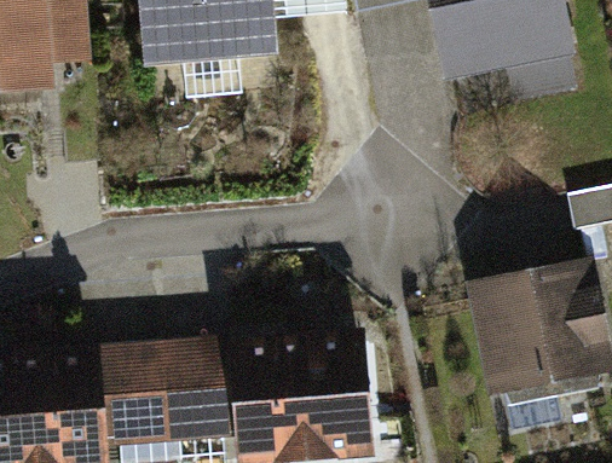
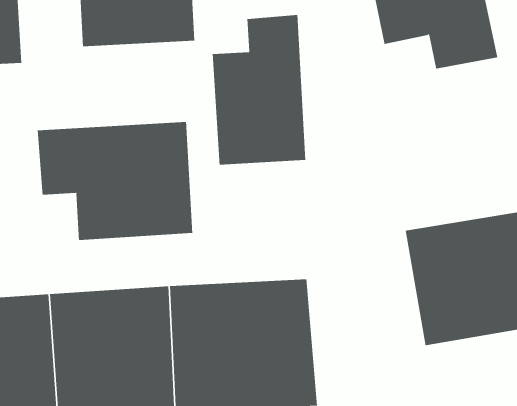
building: none -> [212,14,306,165]
building: none -> [37,121,193,241]

